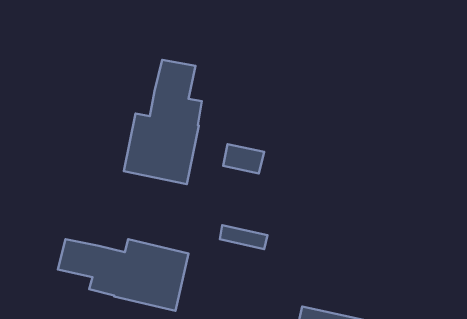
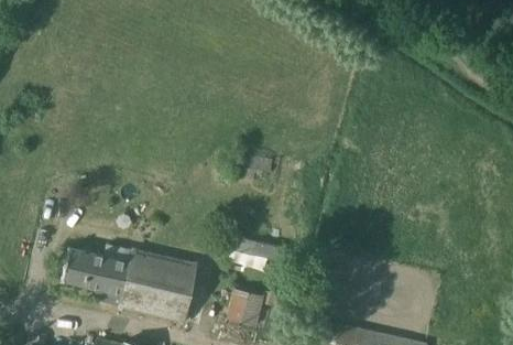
building: [124,60,202,184] -> none
building: none -> [228,288,263,325]

